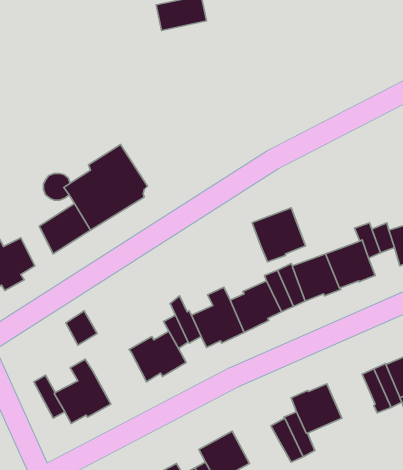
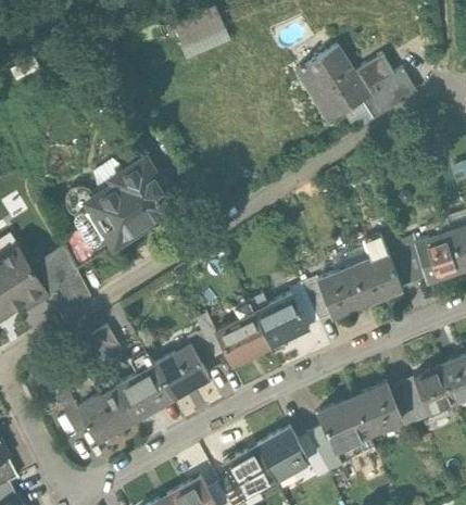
building: none -> [294,49,415,123]
building: [252,208,305,262] -> none
building: none -> [42,242,84,296]
building: none -> [115,355,171,418]
building: none -> [351,386,401,434]
building: none -> [256,430,306,480]

